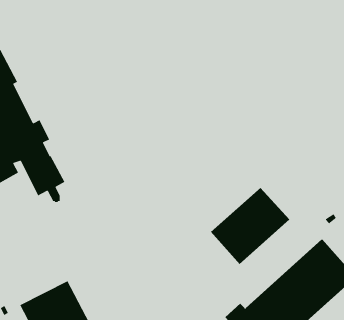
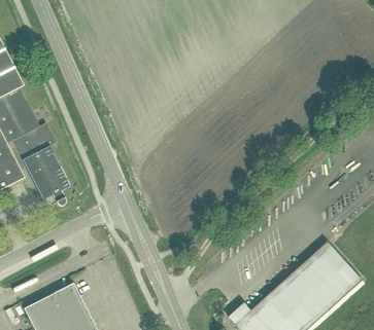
building: [210,187,290,265] -> none

